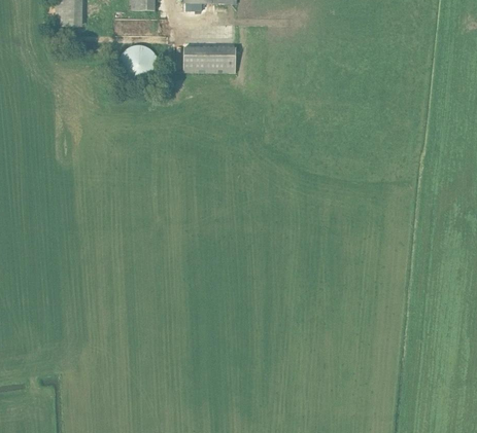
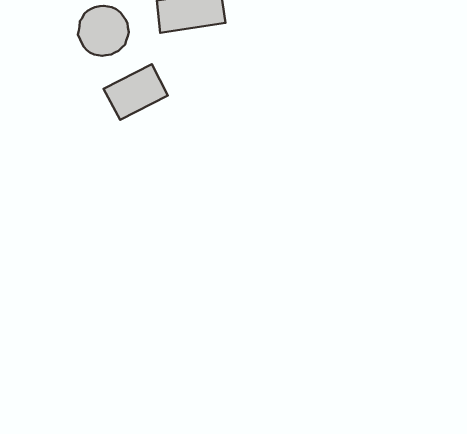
building: none -> [103,64,168,120]

